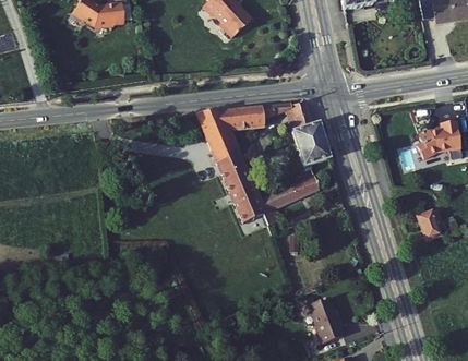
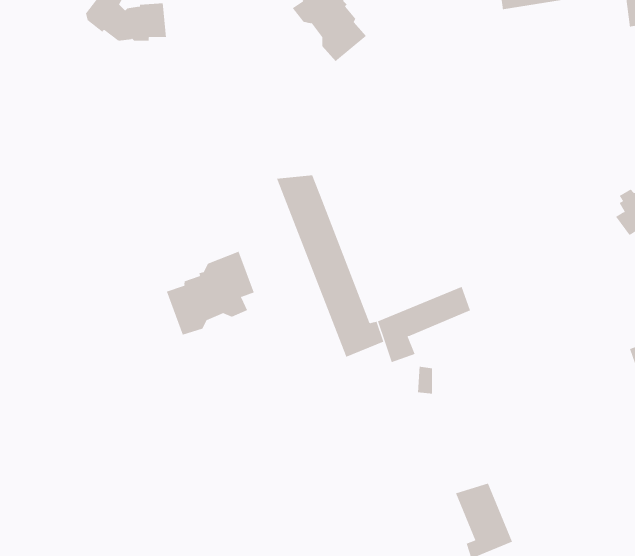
building: [219,103,329,167] -> none
building: none -> [166,251,255,336]

